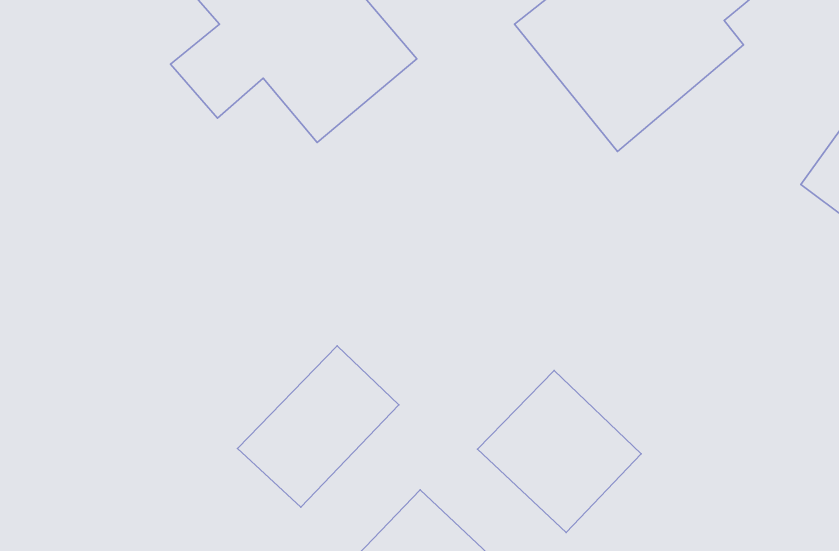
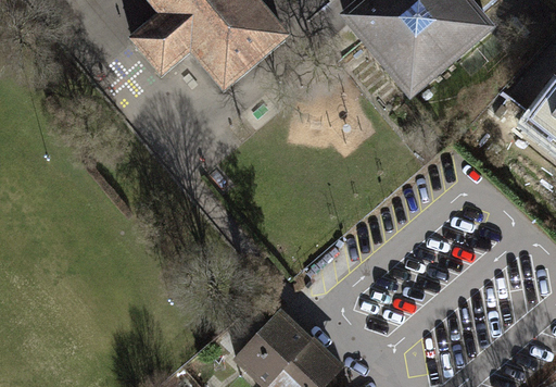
building: [237,346,399,507] -> none
building: [477,371,641,532] -> none

